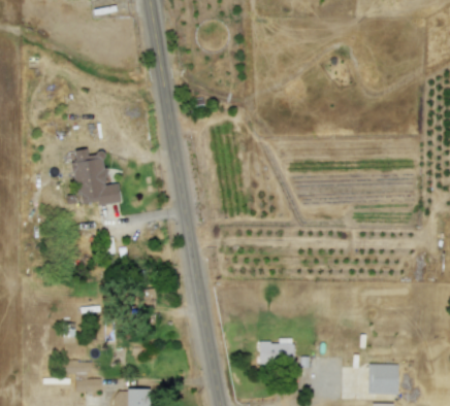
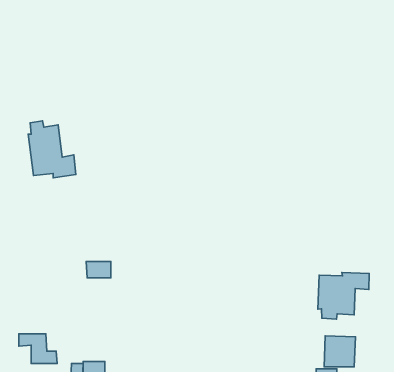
building: none -> [318,272,369,319]
building: [260,337,294,363] -> none

